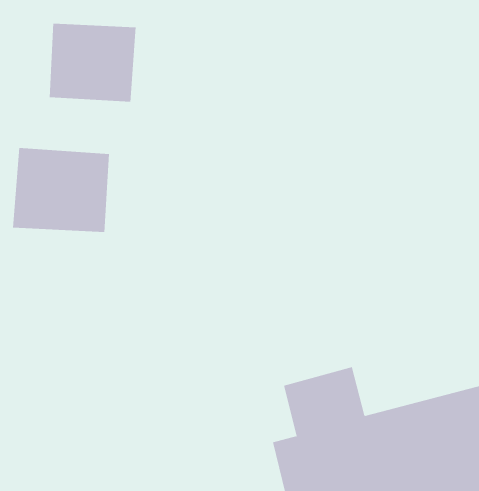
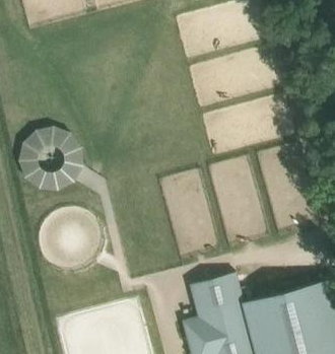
building: [49,23,136,103] -> none

